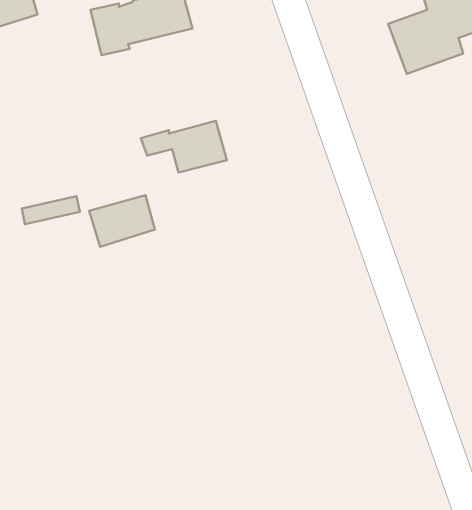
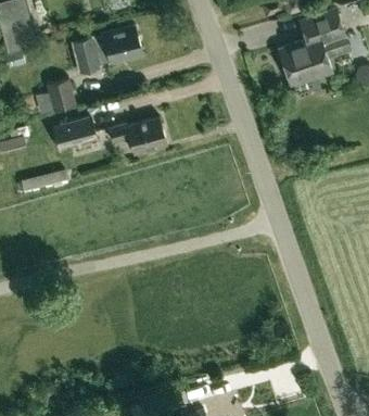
building: none -> [35,79,77,115]
building: [89,195,155,247] -> [51,117,97,153]

